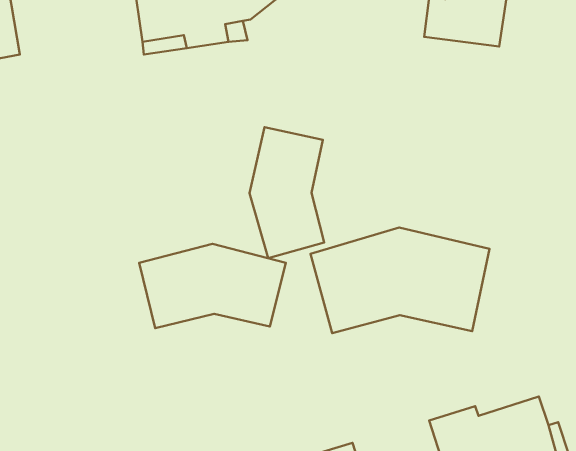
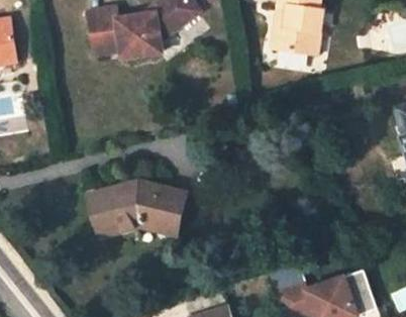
building: [249,127,324,258] -> none
building: [310,227,489,333] -> none

